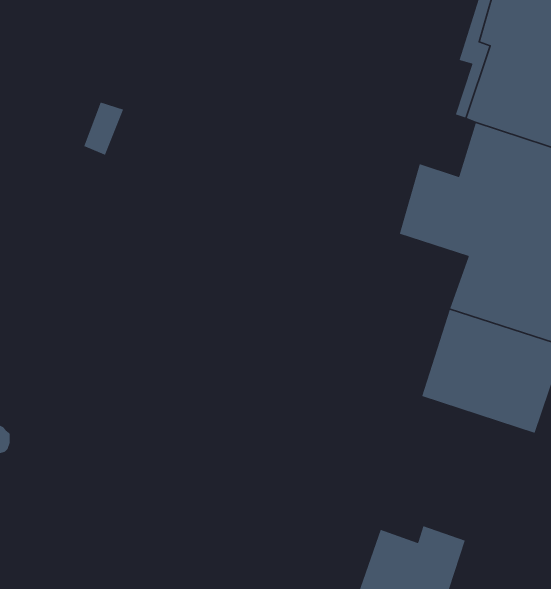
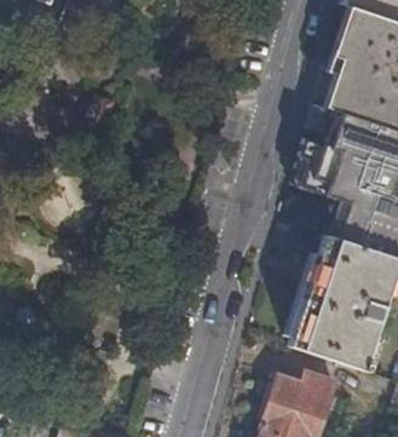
building: none -> [288,291,380,373]

